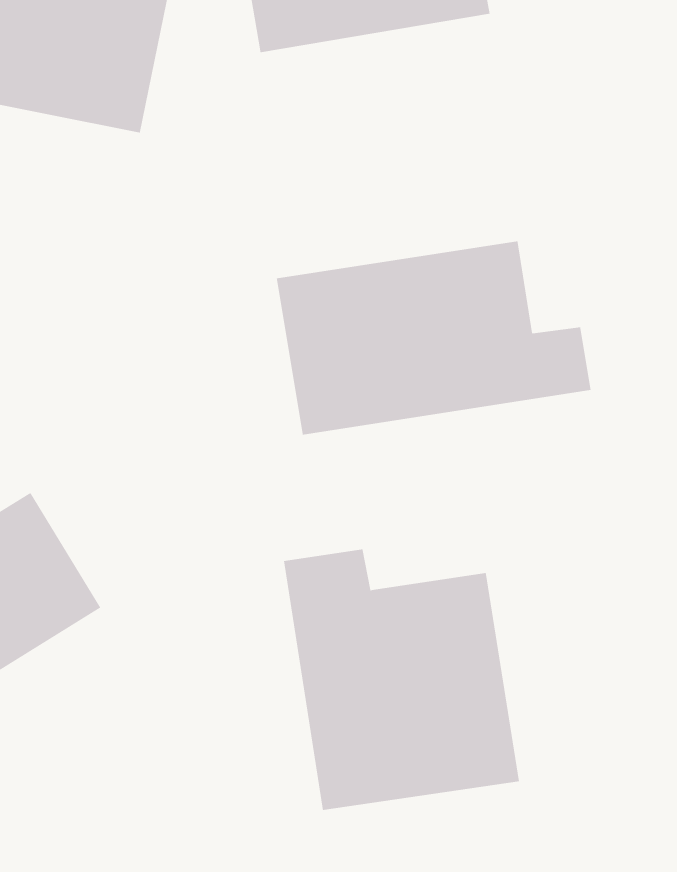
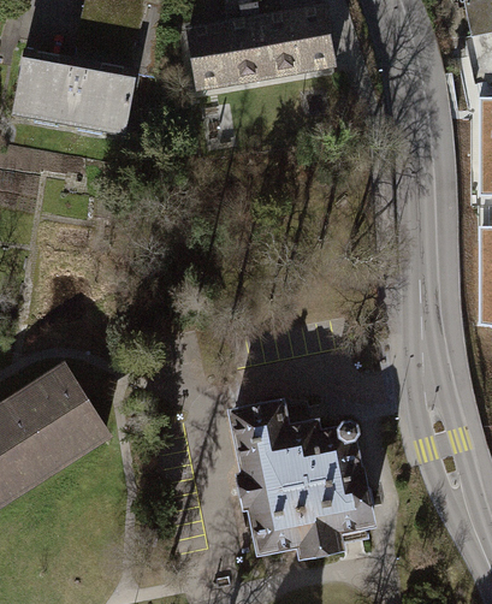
building: [276,241,591,435] -> none

